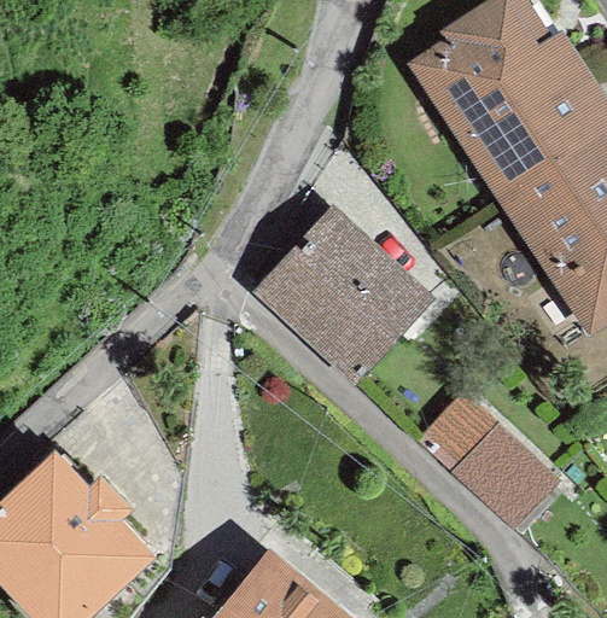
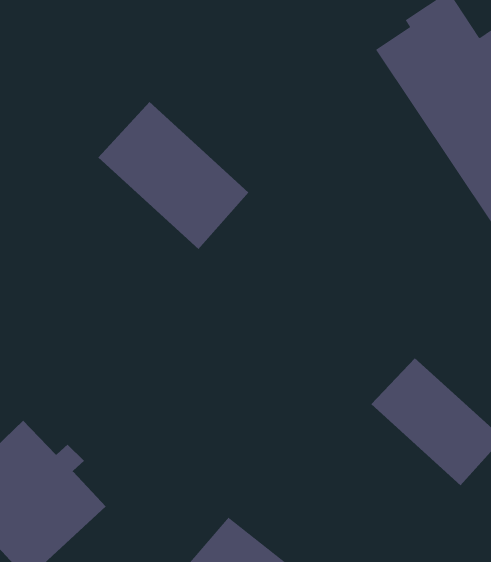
building: none -> [97,101,249,250]
building: [269,221,416,367] -> none

